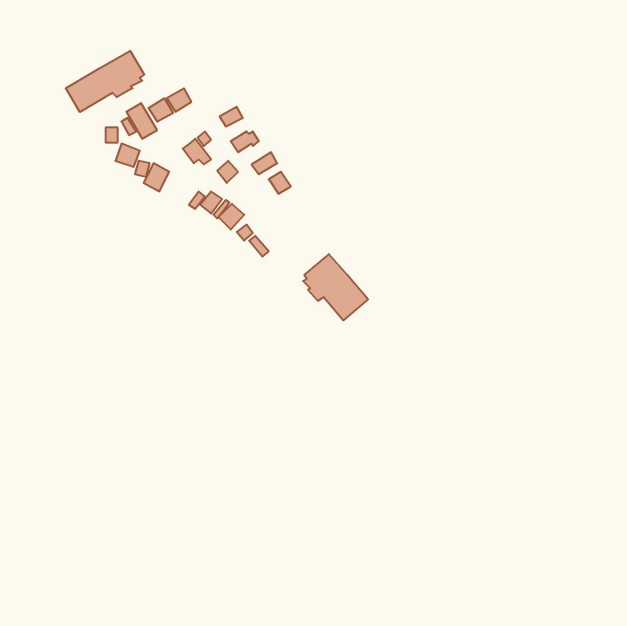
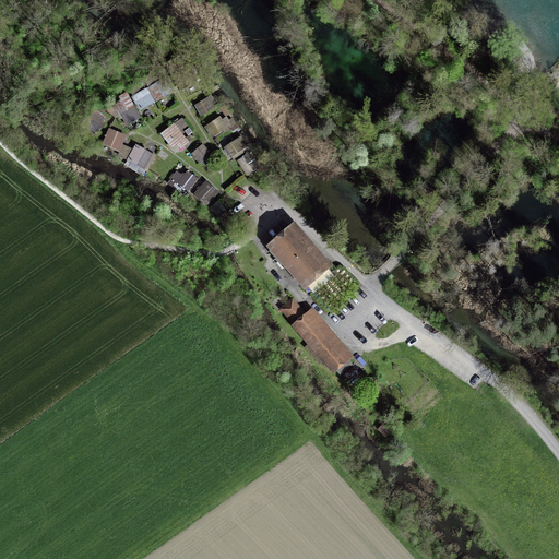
building: [66,51,144,112] -> none
building: none -> [282,299,345,370]

